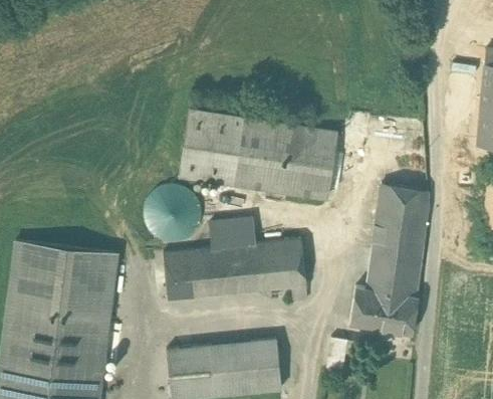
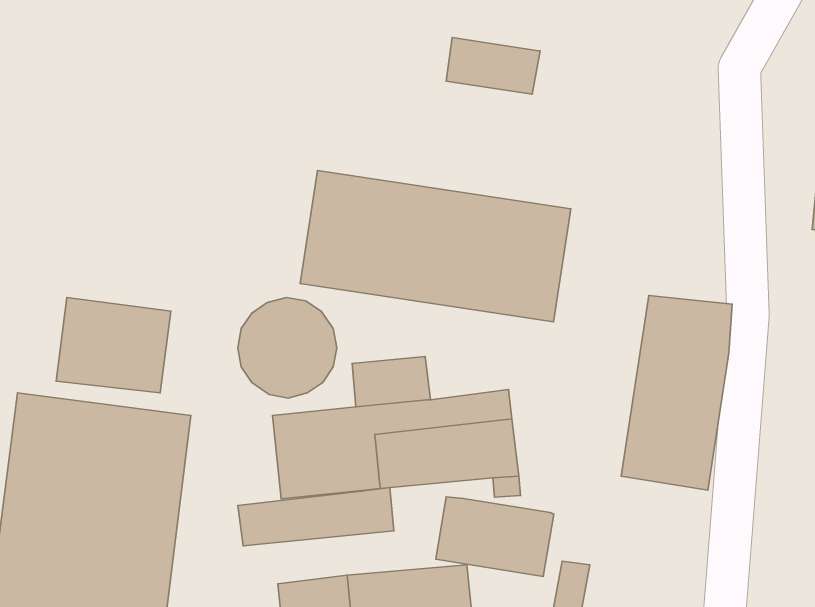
building: none -> [446,37,540,94]
building: none -> [56,298,171,393]
building: [350,286,419,333] -> [436,497,554,577]
building: none -> [238,487,394,546]

